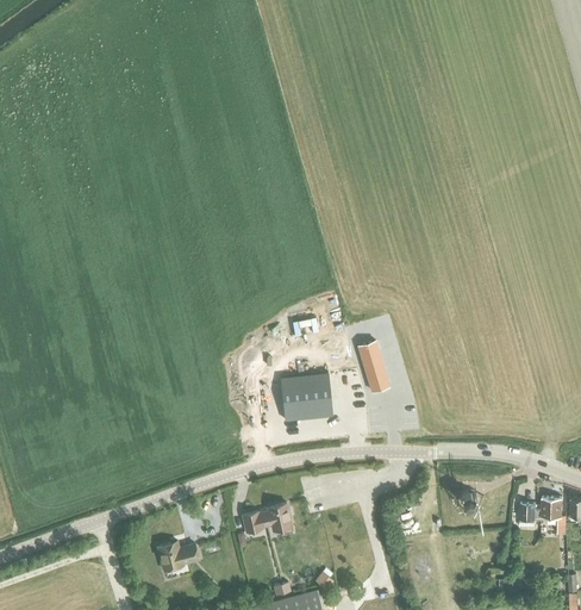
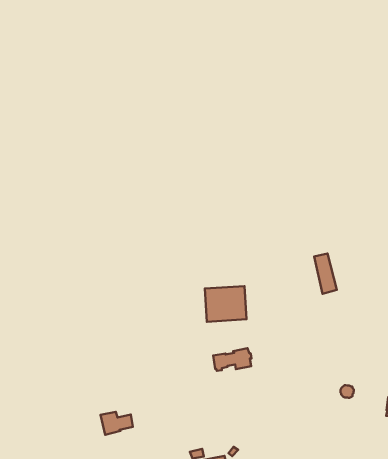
building: [358,341,389,392] -> [314,254,337,294]
building: [243,503,292,534] -> [213,348,252,371]

